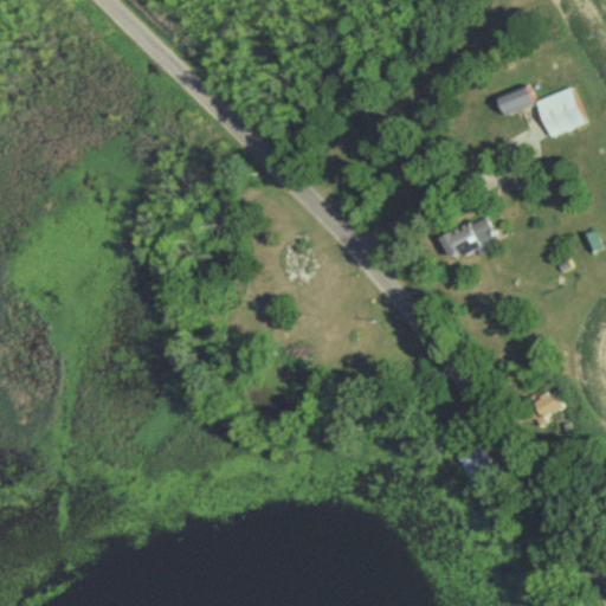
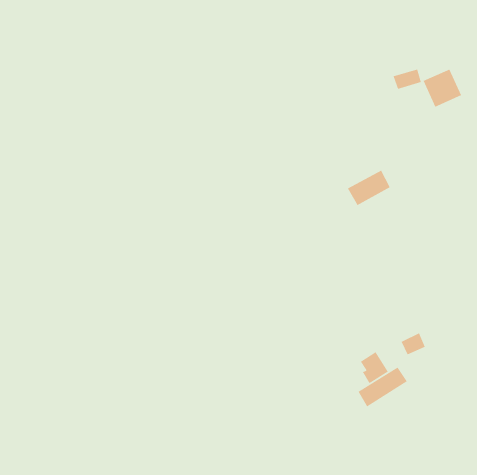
building: [531,387,563,417] -> [401,332,426,355]
building: none -> [358,366,408,408]

